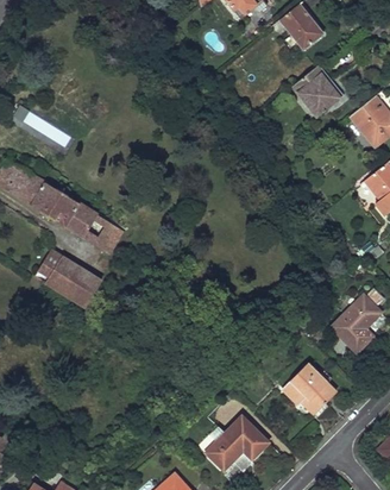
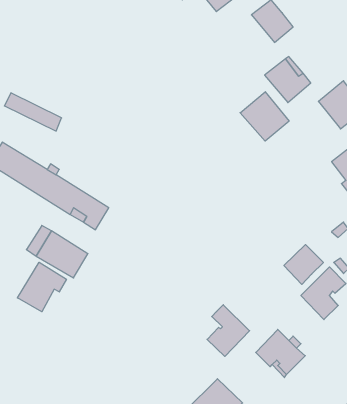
building: none -> [240,92,289,141]
building: none -> [284,245,323,284]
building: none -> [17,262,66,312]
building: none -> [207,305,250,356]

